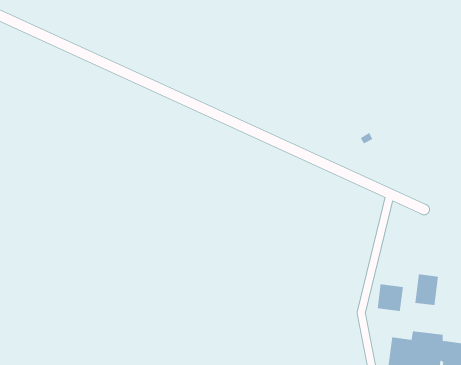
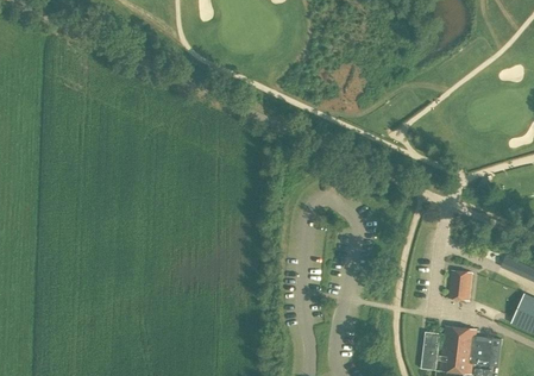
building: [377,283,403,312] -> none

